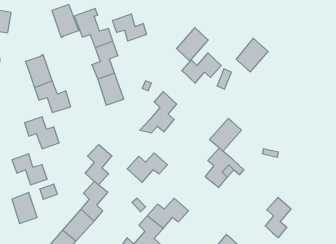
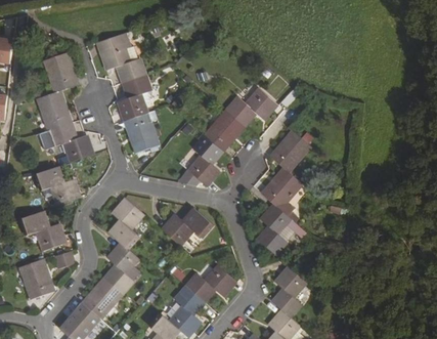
building: [52,5,79,37] -> [44,52,77,92]
building: [113,14,146,41] -> none
building: [176,27,208,61] -> [205,110,244,151]
building: [236,38,268,72] -> [270,130,309,171]
building: [265,197,291,238] -> [272,266,304,315]

